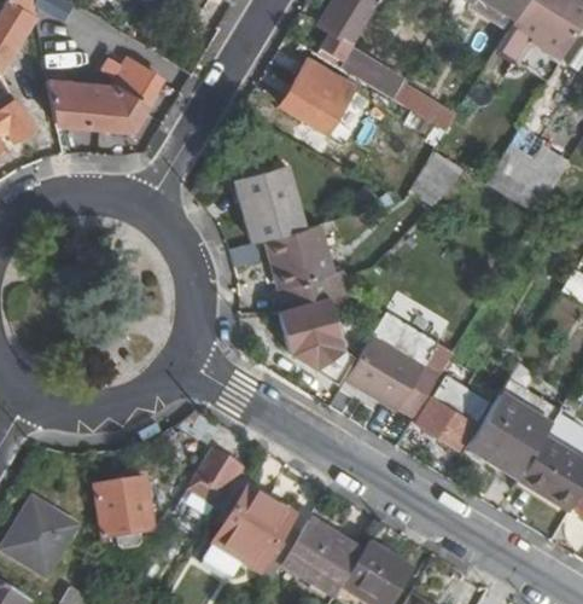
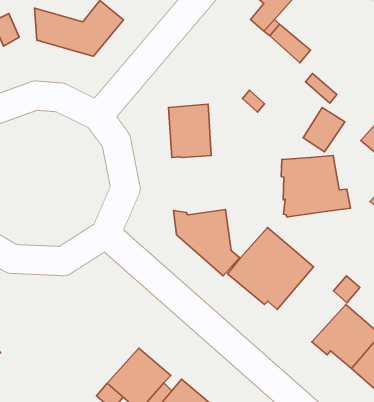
building: [281,59,356,133] -> none
building: [264,225,361,312] -> [281,156,351,217]
building: [418,355,488,446] -> none
building: [187,449,247,506] -> none
building: [92,480,155,551] -> none

